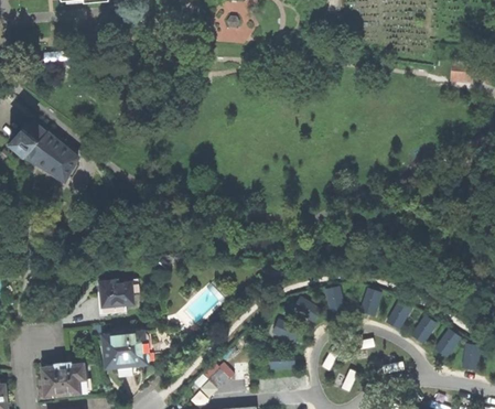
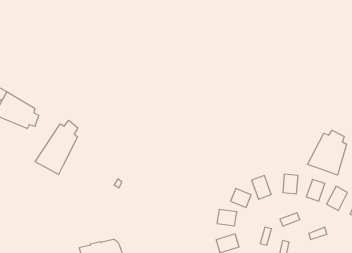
building: none -> [35,120,78,175]
building: none -> [308,130,347,175]
building: [98,280,132,315] -> none

